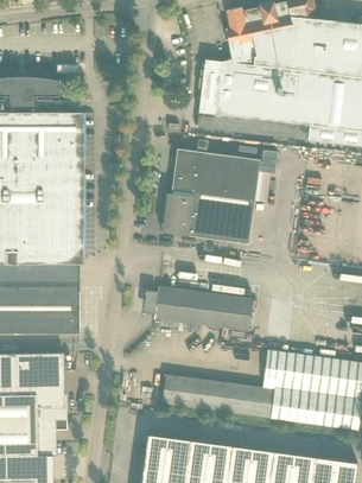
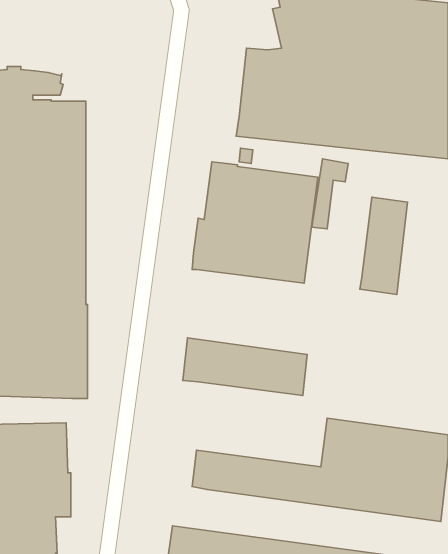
building: none -> [360,197,407,295]

